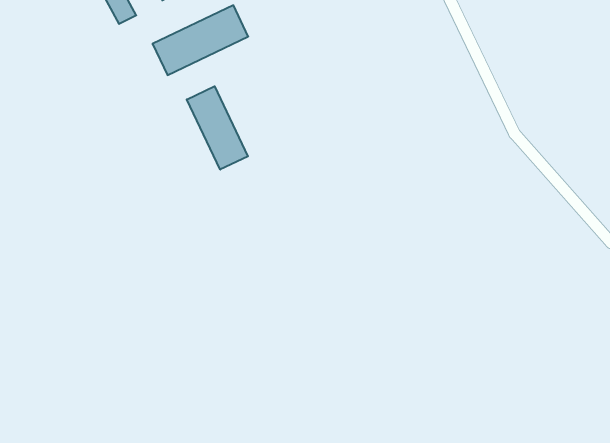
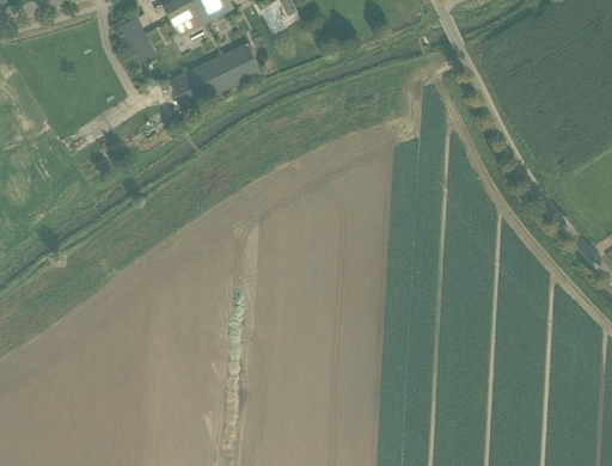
building: [187,86,248,170] -> none

